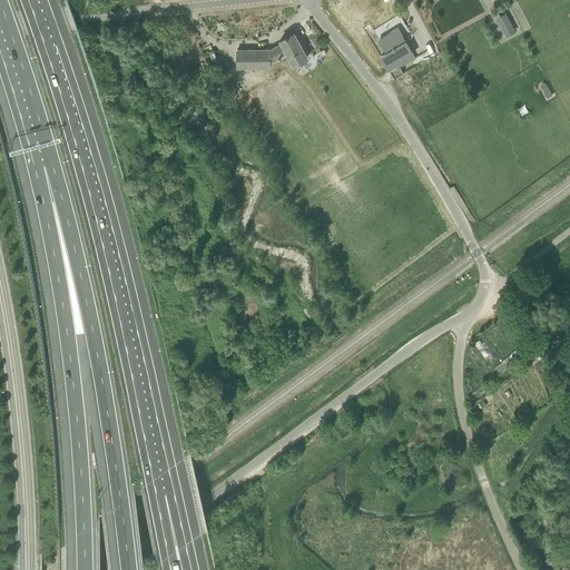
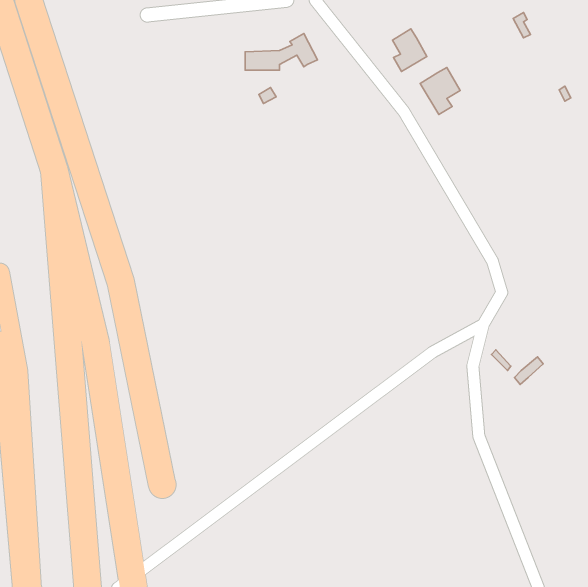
building: none -> [420,67,460,115]

